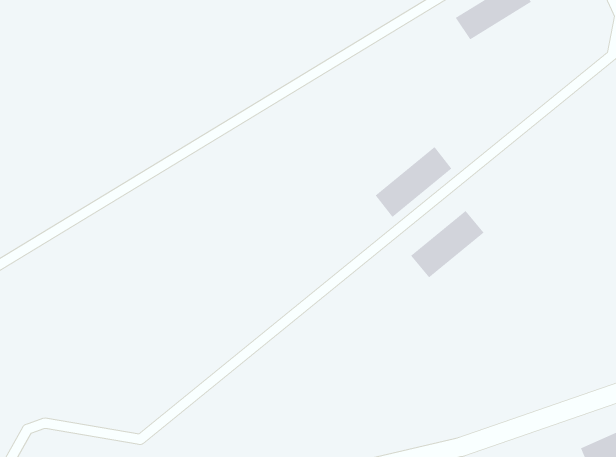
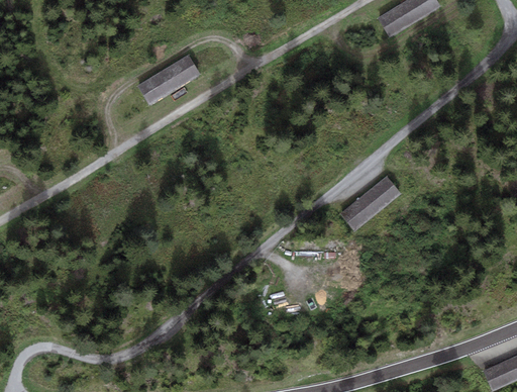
building: none -> [137,56,201,107]
building: [375,146,452,218] -> none

